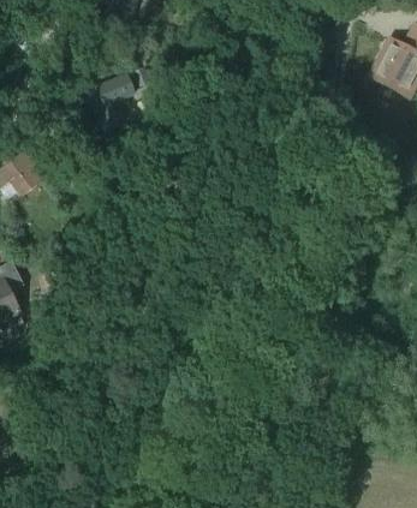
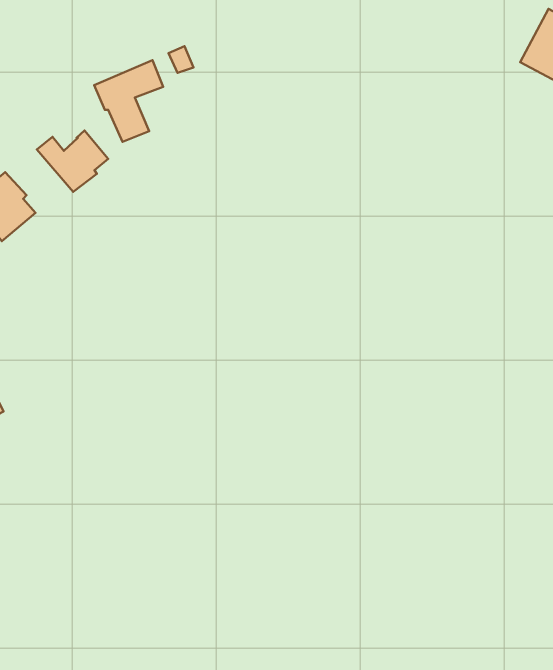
building: none -> [37,131,108,192]

